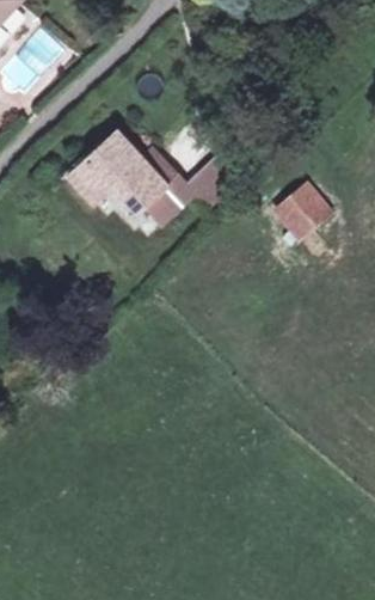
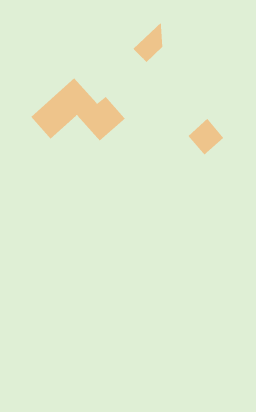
building: [184,148,226,204] -> [132,21,163,63]

